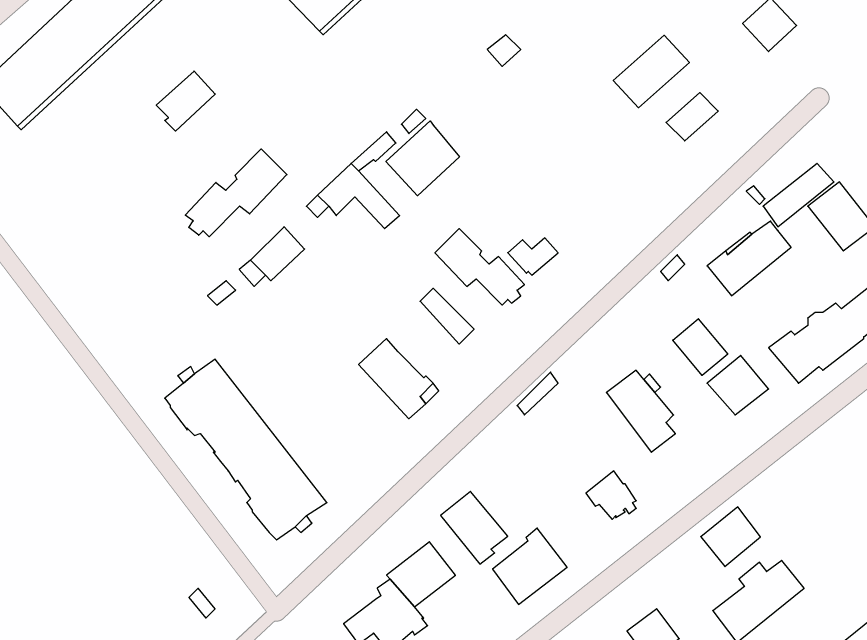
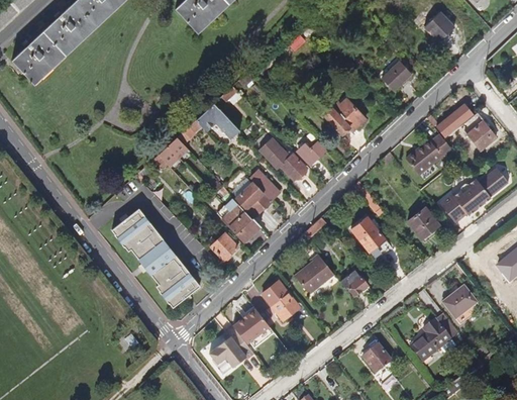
building: [613,35,689,108] -> none
building: [156,71,215,131] -> none
building: [386,121,459,196] -> none
building: [185,149,287,237] -> none
building: none -> [324,99,367,134]
building: none -> [235,182,270,216]
building: [673,319,728,375] -> none
building: none -> [210,233,238,261]
building: [701,507,760,567] -> [444,287,477,319]
building: [493,528,567,604] -> [294,254,334,295]

